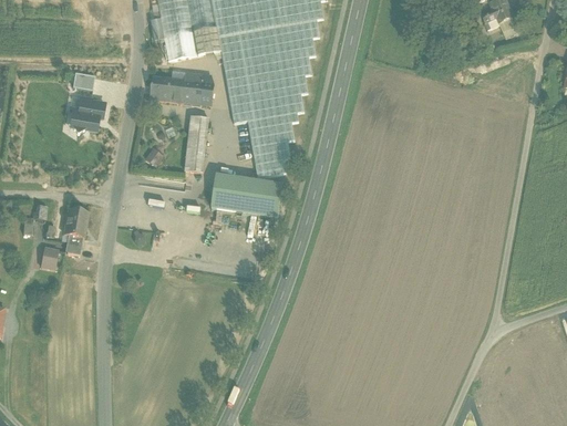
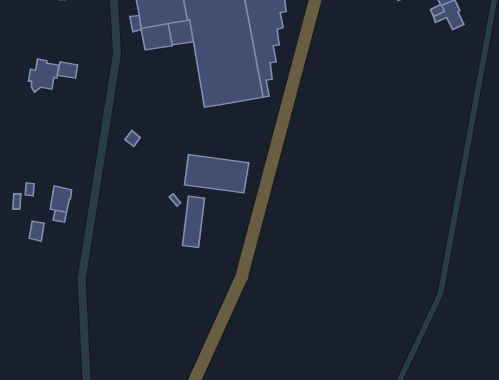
building: [150,70,213,104] -> none
building: [70,96,103,133] -> [29,59,59,92]
building: [247,111,298,176] -> none
building: [184,115,208,172] -> [182,196,205,247]

